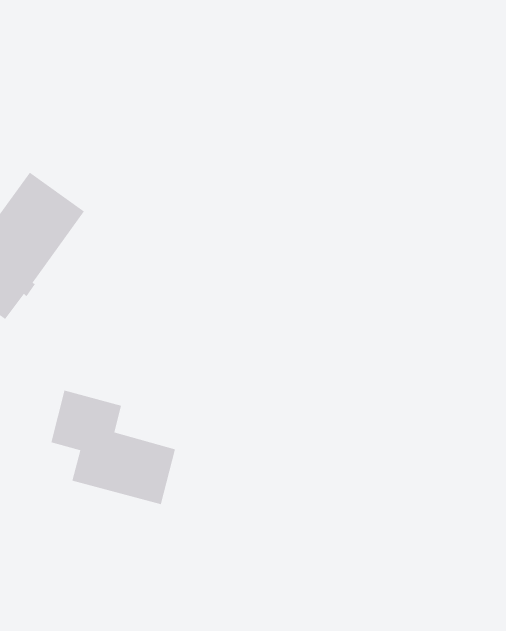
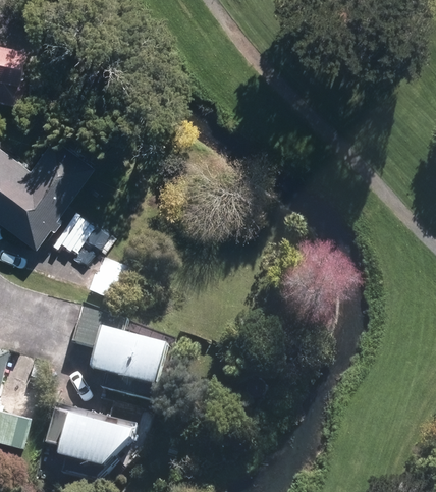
building: none -> [45,403,137,471]

